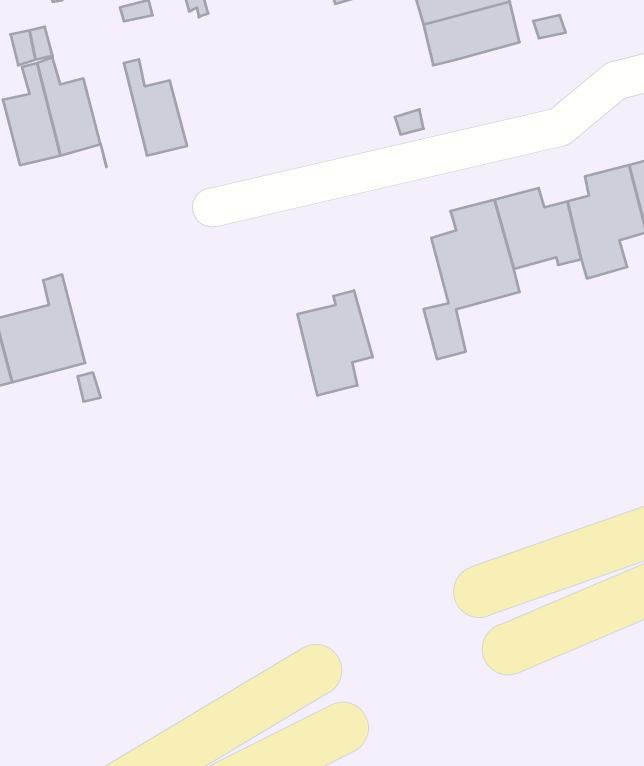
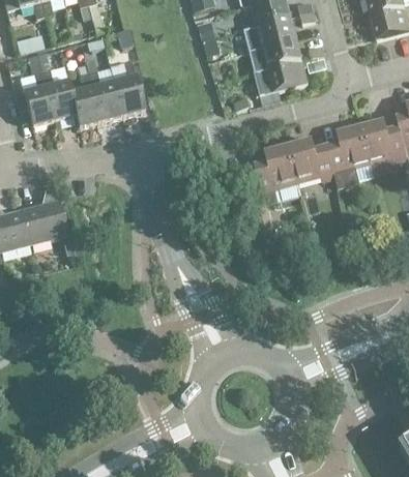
building: none -> [113,58,144,114]
building: none -> [254,58,308,102]
building: none -> [66,69,100,125]
building: [298,290,373,396] -> none

